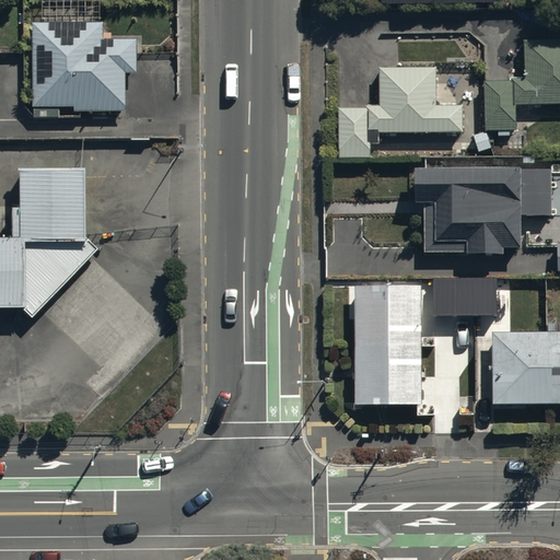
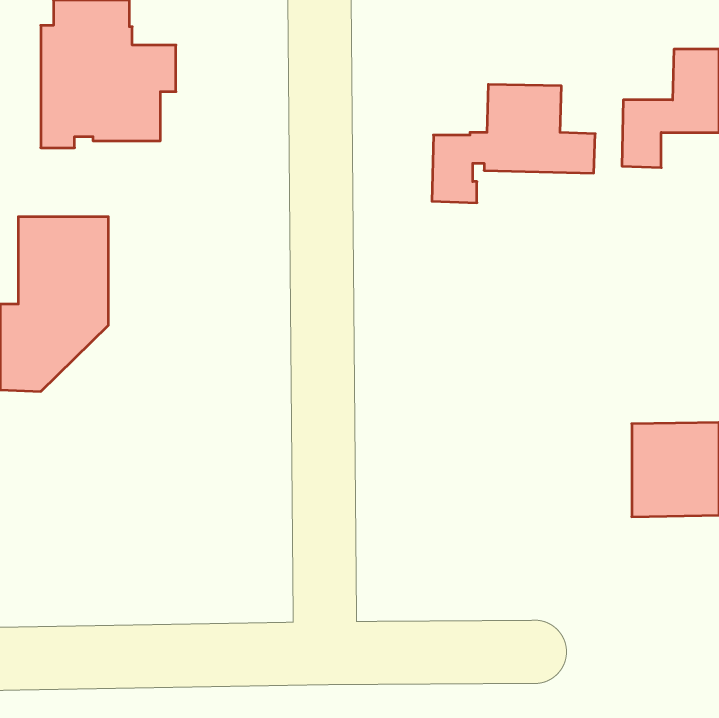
building: [412,166,550,254] -> none
building: [432,277,499,315] -> none
building: [354,282,421,404] -> none

